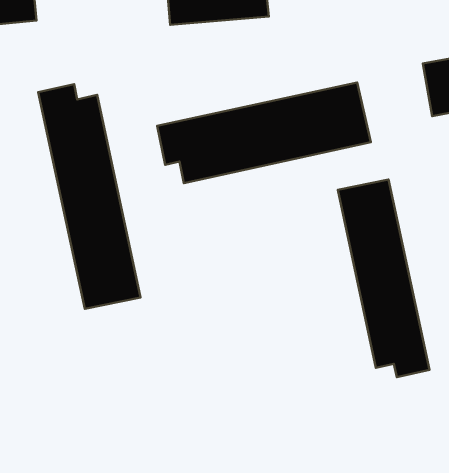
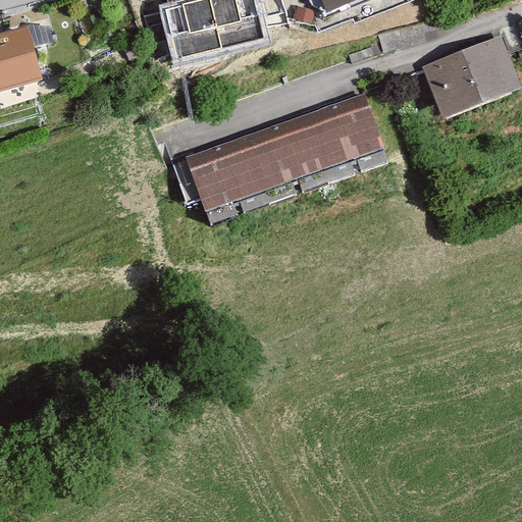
building: [38,84,140,309] -> none
building: [338,180,429,377] -> none

